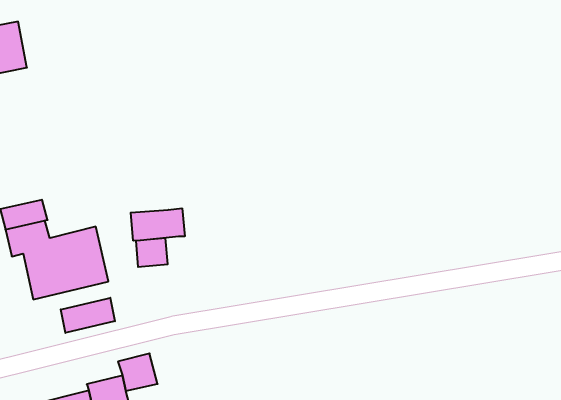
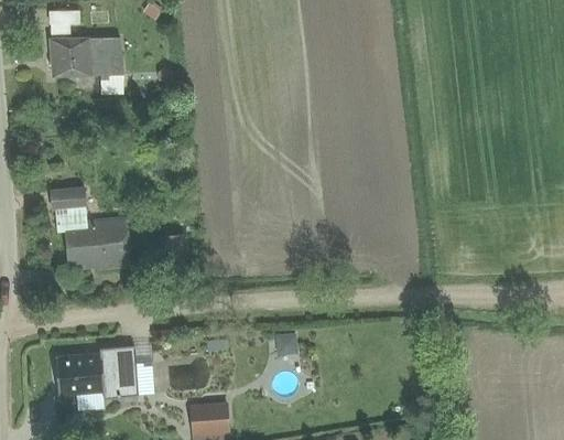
building: none -> [88,34,122,76]
building: [131,208,185,241] -> none
building: [61,298,115,333] -> none

